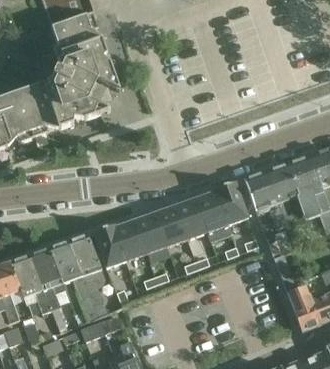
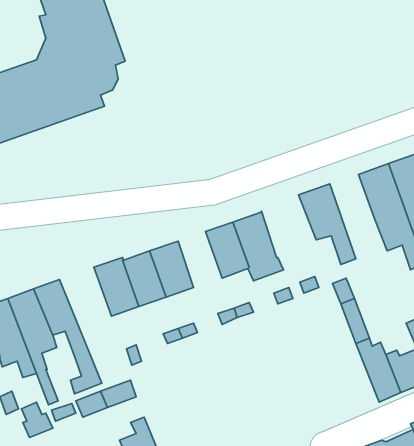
building: [266,163,299,228] -> none
building: [214,181,248,224] -> none
building: [155,205,187,246] -> none
building: [68,233,108,316] -> none

